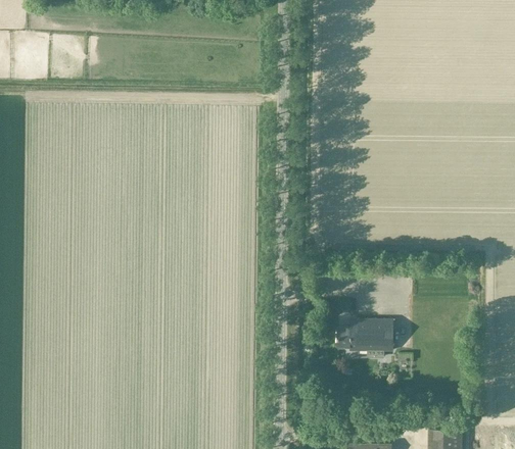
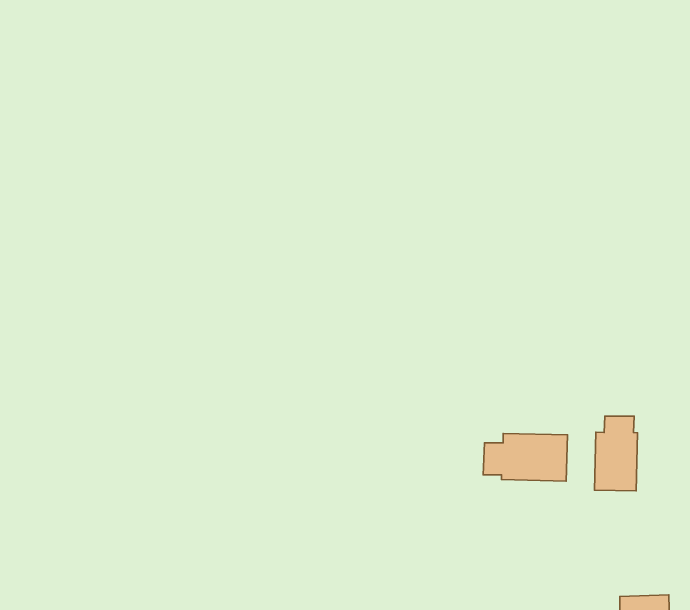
building: none -> [594,416,638,491]

